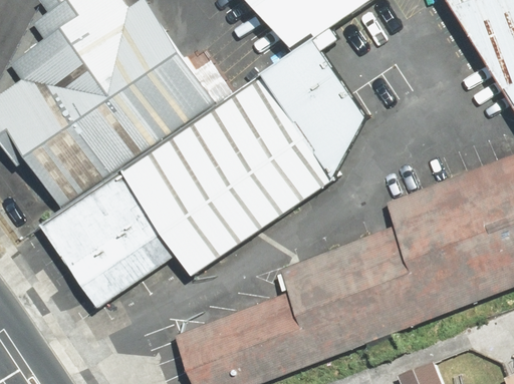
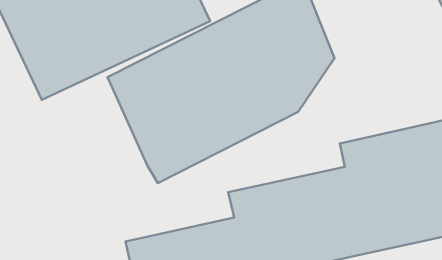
building: [46,173,179,308] -> none

